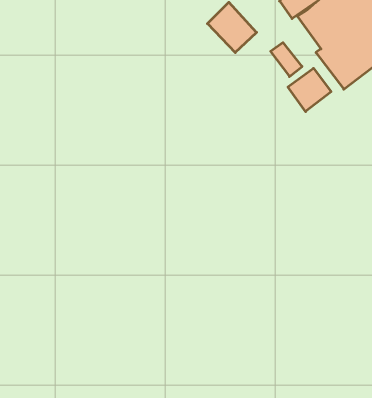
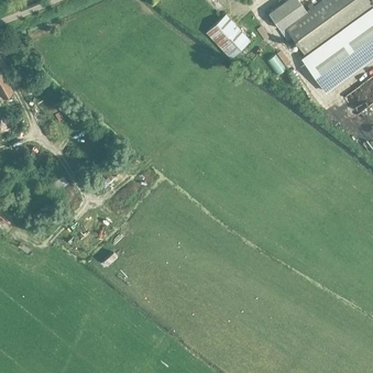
building: [288,68,331,112] -> none

